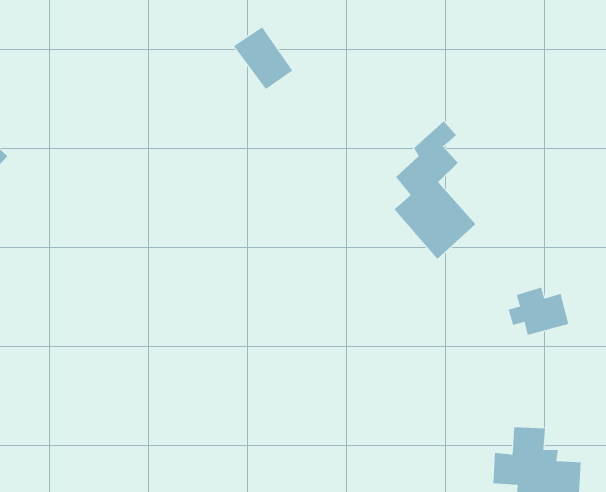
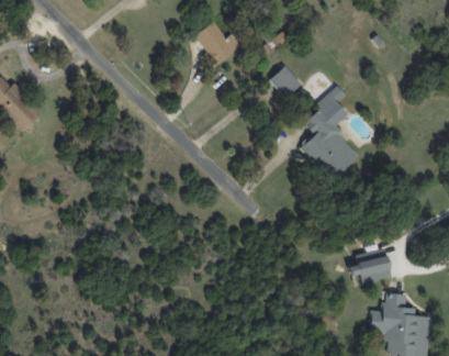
building: none -> [269,67,301,99]
building: [508,287,569,335] -> [349,252,391,285]

